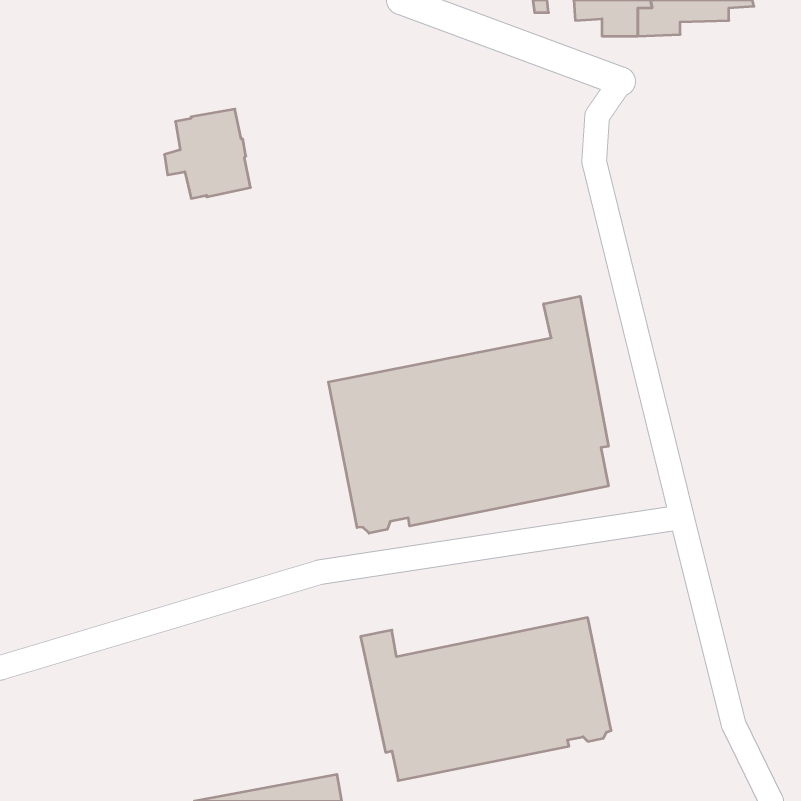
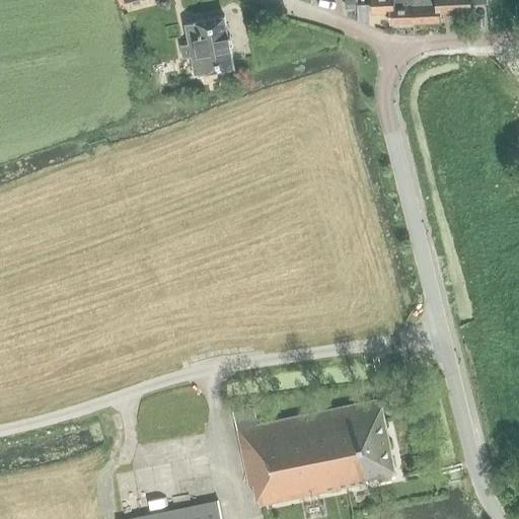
building: [164,109,251,198] -> [178,16,234,74]
building: [328,296,608,533] -> none

